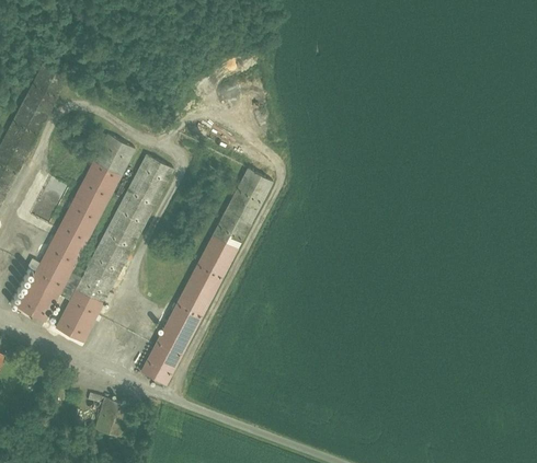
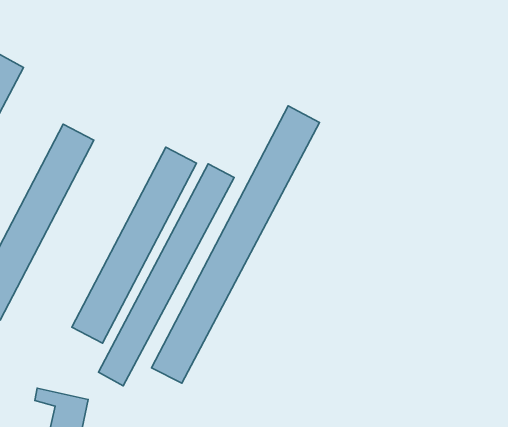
building: none -> [152,106,319,383]
building: [53,153,173,343] -> [72,147,197,343]

